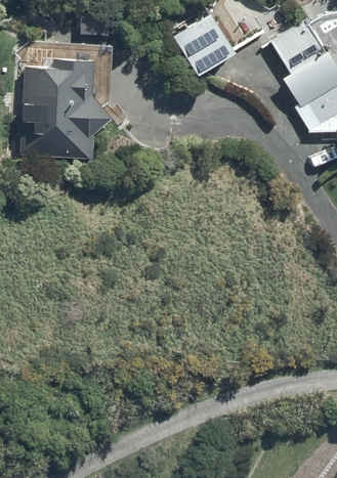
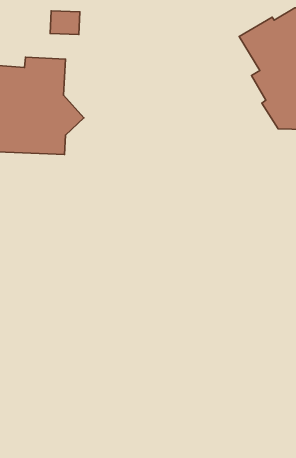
building: [173,15,235,77] -> none

